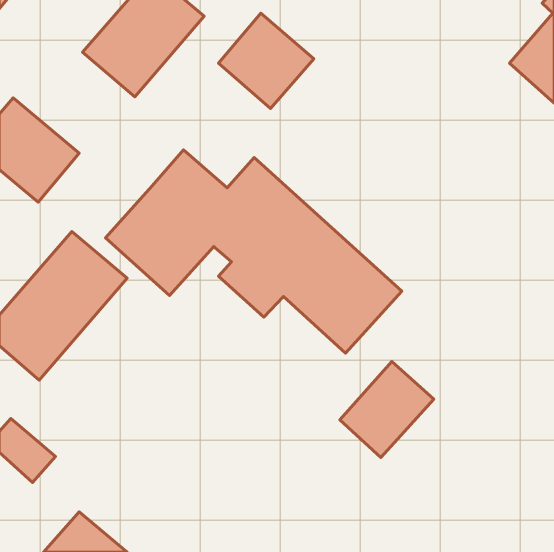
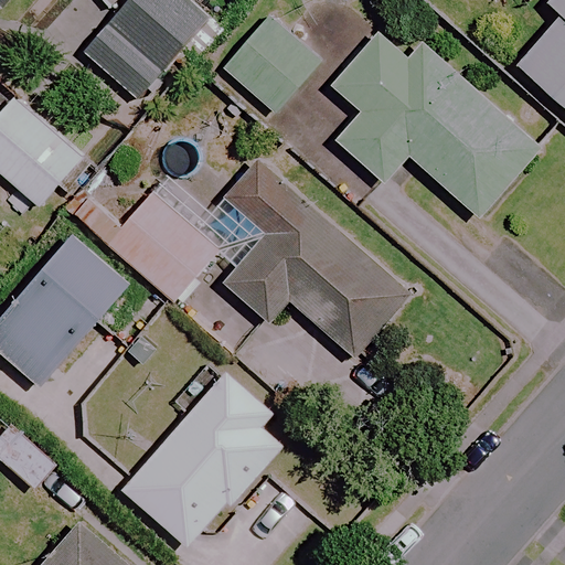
building: none -> [332,31,540,218]
building: [340,362,434,458] -> none
building: none -> [124,372,282,546]

